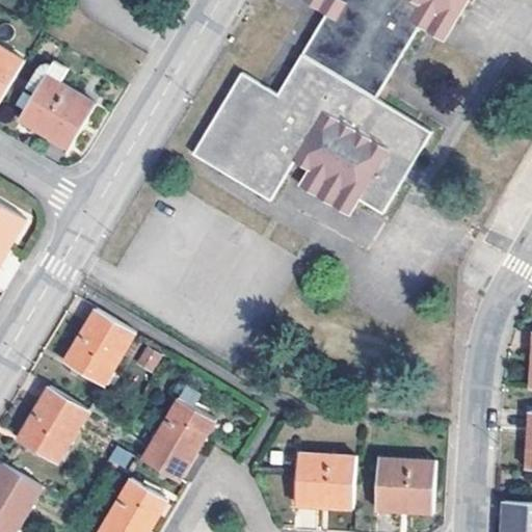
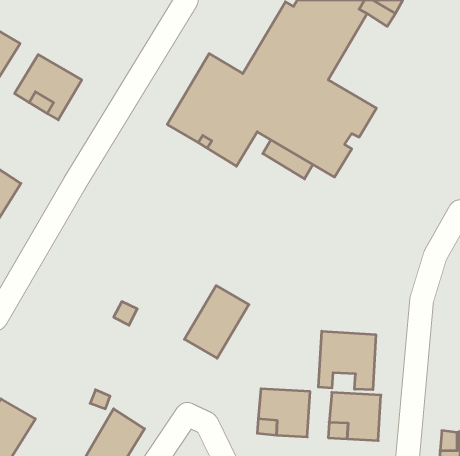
building: [62,309,132,384] -> none
building: [17,387,86,463] -> none
building: none -> [318,331,376,390]
building: [140,397,214,480] -> [184,286,249,358]

